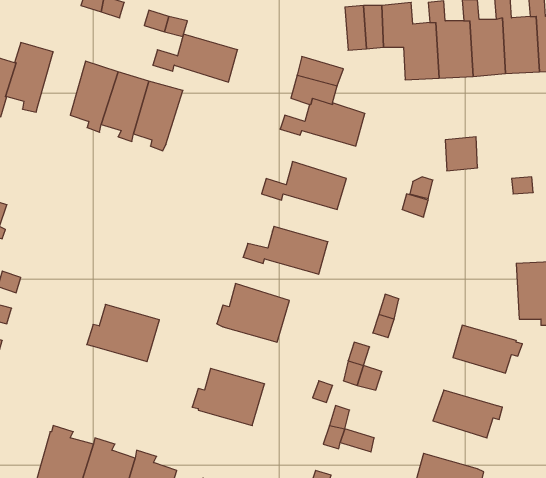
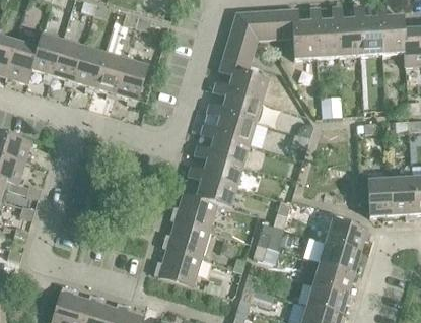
building: none -> [231,10,257,39]
building: [153,34,238,82] -> [206,91,262,123]
building: none -> [53,40,84,85]
building: none -> [194,133,250,165]
building: none -> [196,176,237,207]
building: [87,304,159,362] -> [162,220,210,258]
building: none -> [320,241,365,272]
building: none -> [306,282,352,314]

